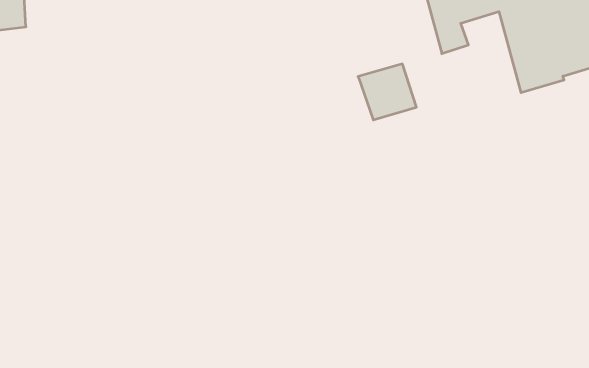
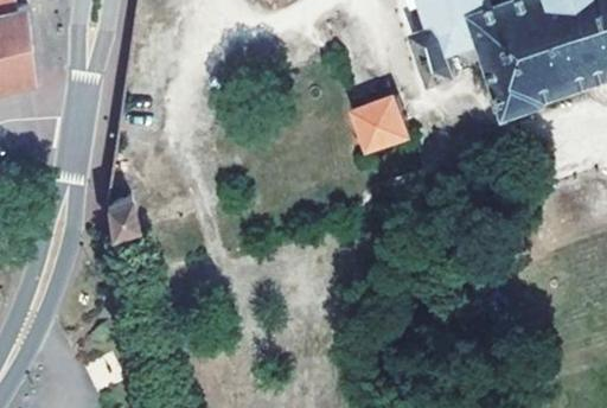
building: none -> [106,189,141,235]

